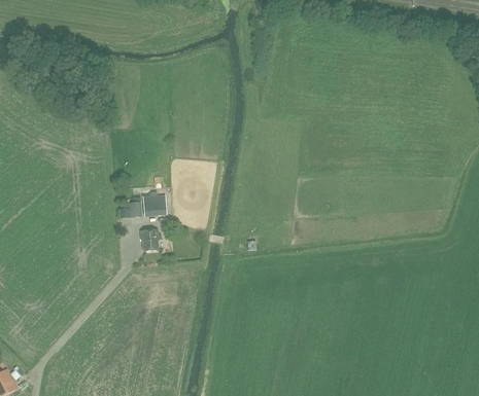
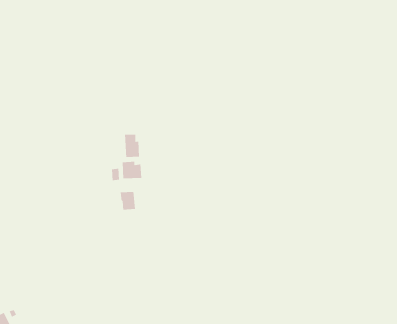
building: none -> [124,134,139,158]

